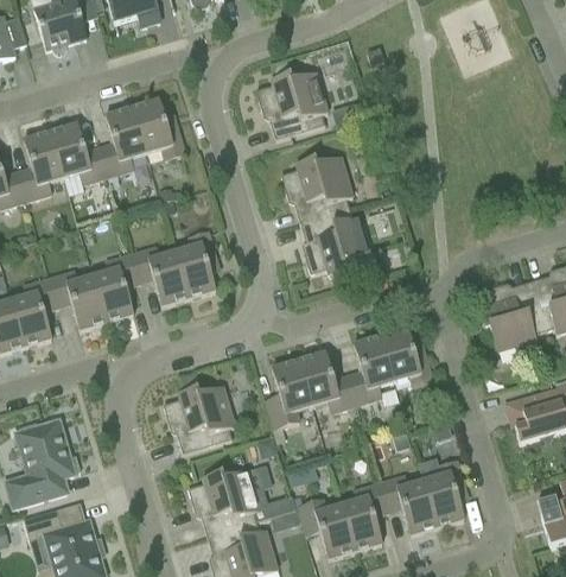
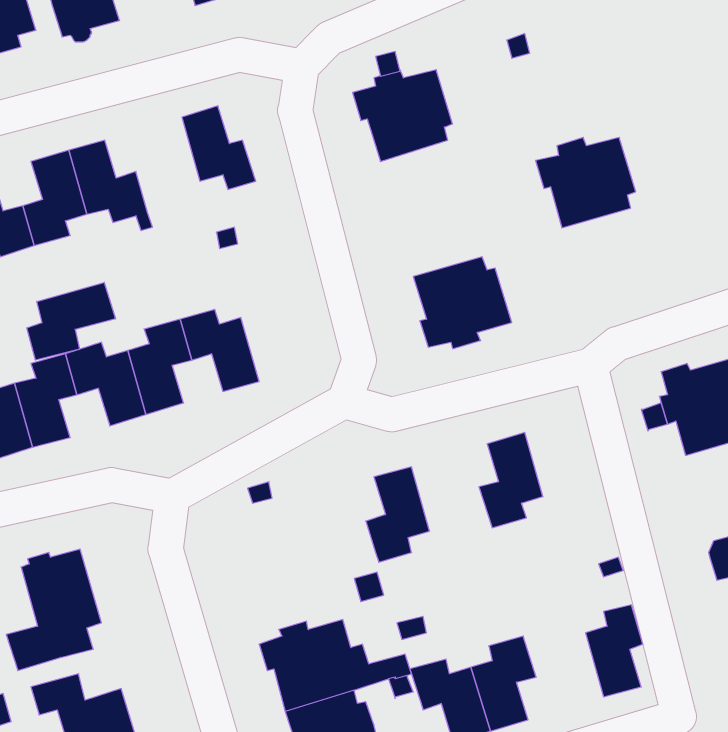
building: [100,107,146,176] -> none
building: [281,157,354,222] -> [536,137,636,228]
building: none -> [27,282,115,360]
building: [176,230,217,298] -> none
building: [381,328,434,387] -> none
building: [299,351,357,412] -> none
building: [164,386,235,452] -> none
building: [380,474,438,534] -> none

